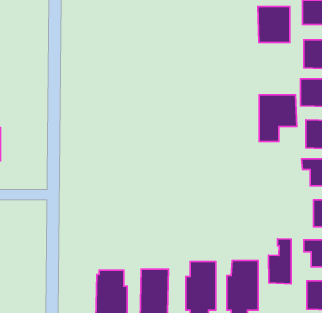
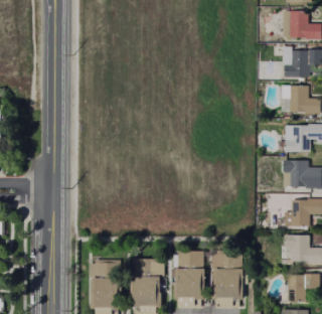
building: [258,7,290,43] -> none
building: [259,95,297,142] -> none
building: [269,239,291,284] -> none

